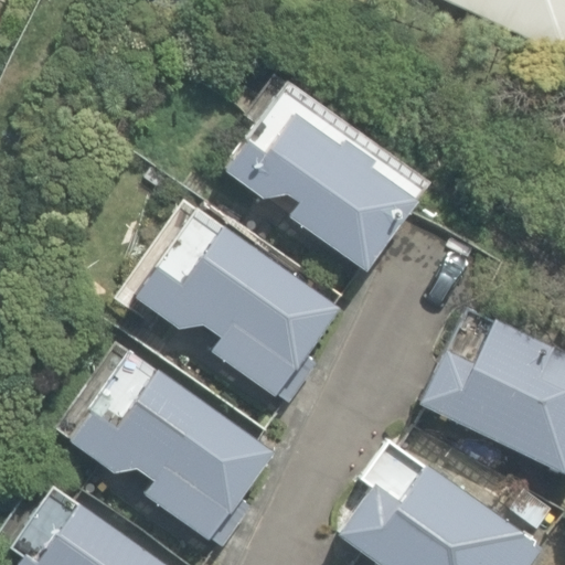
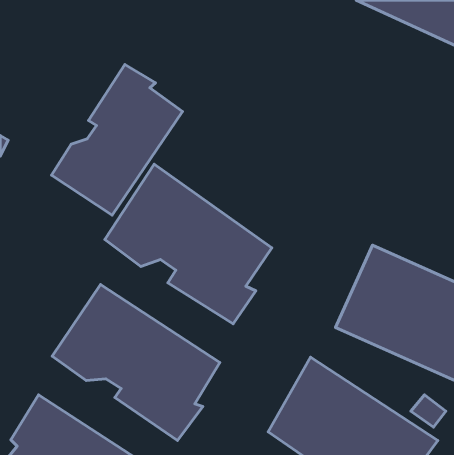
building: [225,81,428,269] -> none
building: none -> [52,65,183,215]

